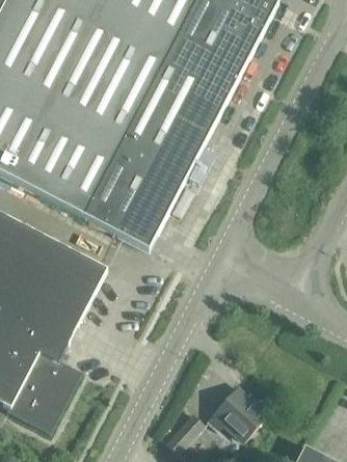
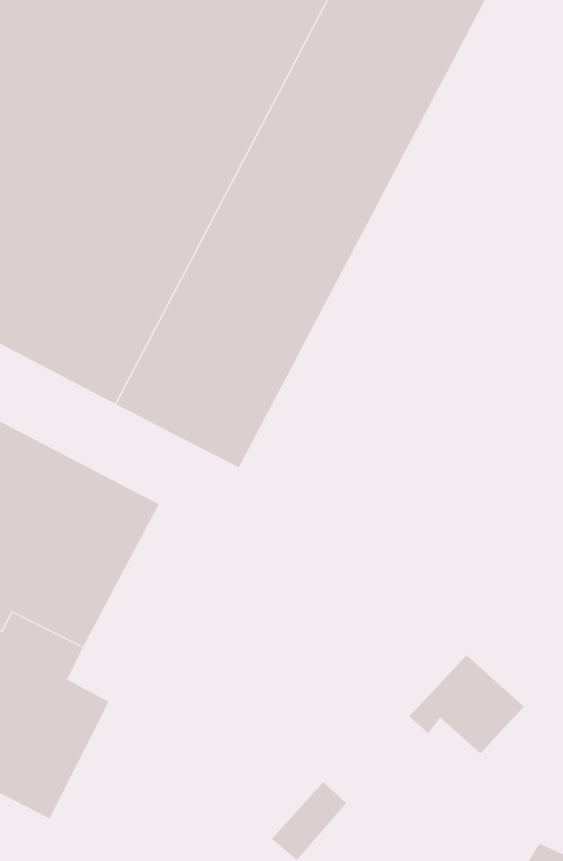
building: [207,386,267,438] -> [409,655,524,754]

